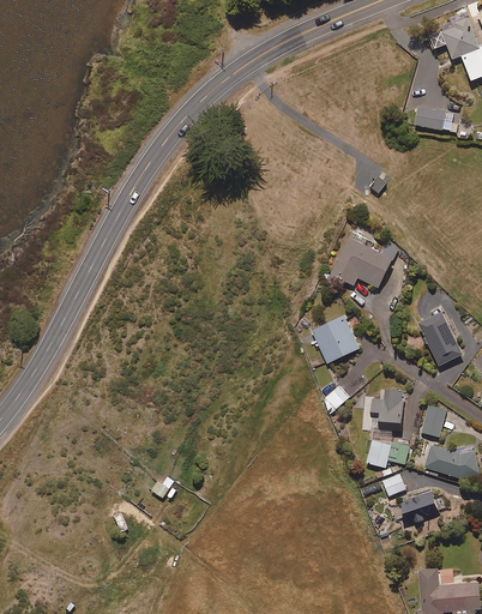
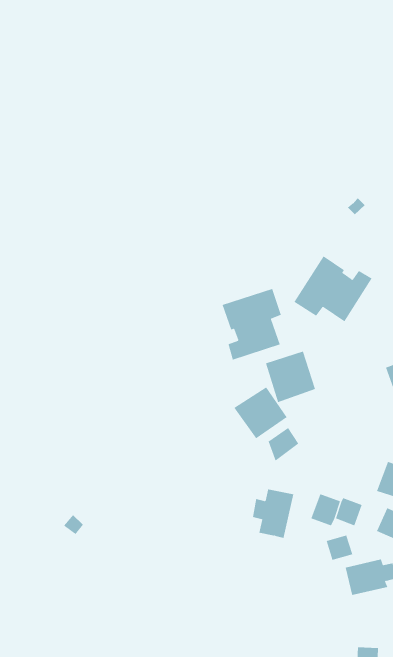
building: none -> [222,288,281,360]
building: none -> [234,386,288,439]
building: [370,389,405,431] -> [252,489,294,538]

